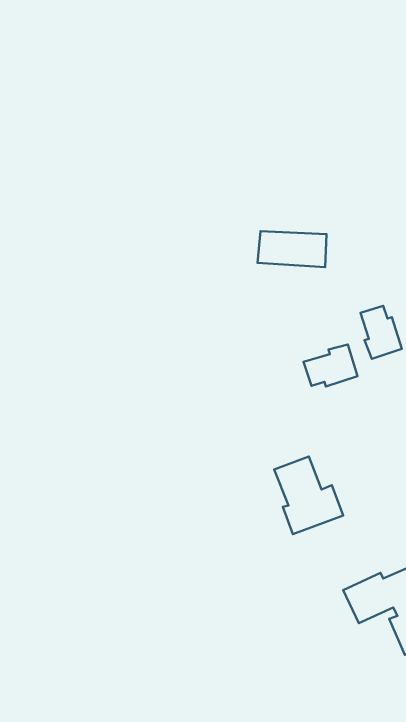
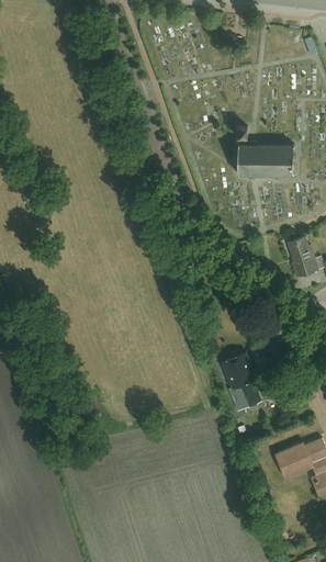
building: [258,231,326,267] -> [240,145,293,172]
building: [304,345,358,386] -> none

